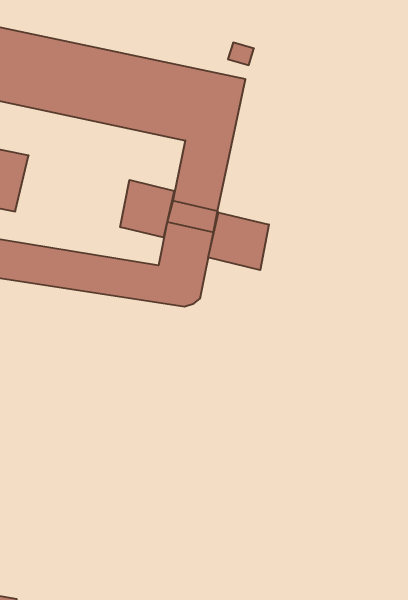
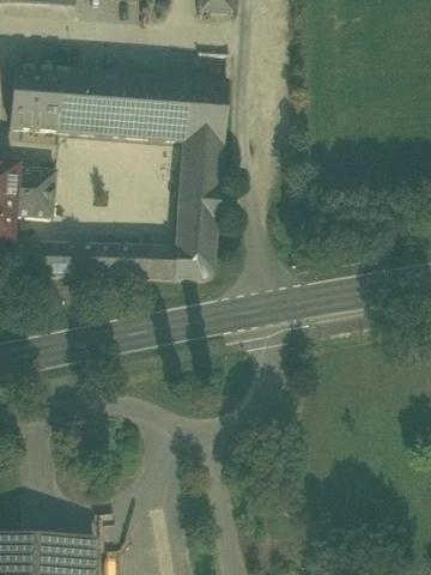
building: [120,180,174,238] -> none
building: [208,212,269,270] -> none

